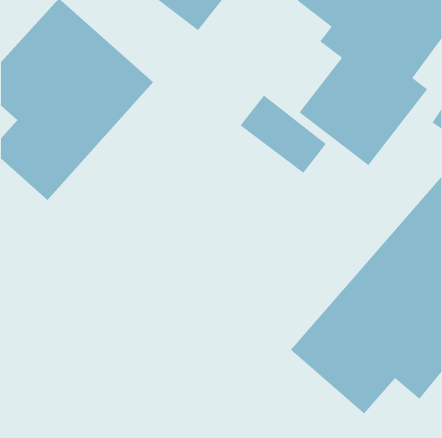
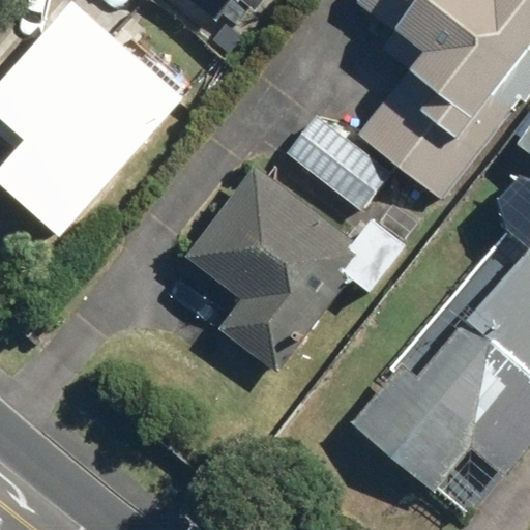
building: none -> [182,163,373,374]

